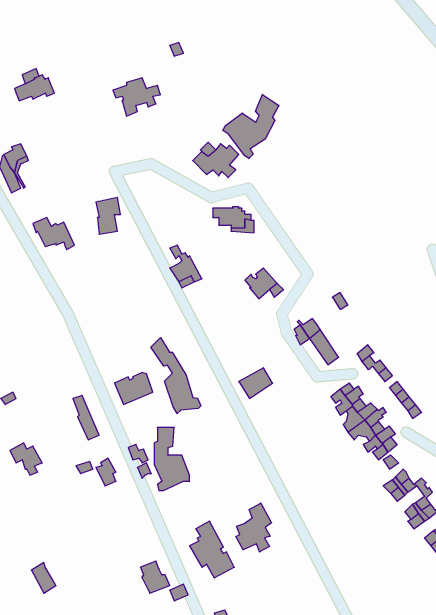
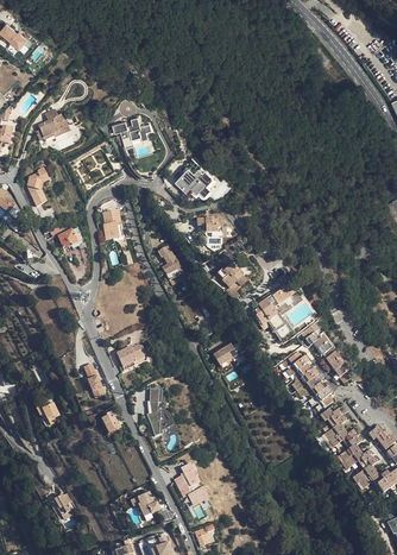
building: [223,94,279,159] -> none
building: [151,338,201,414] -> none
building: [236,503,272,552] -> none

